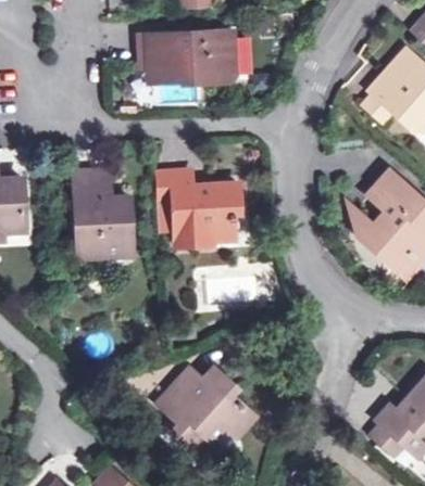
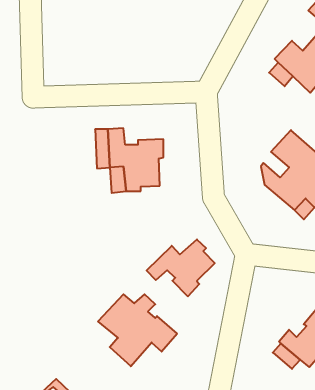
building: [147,34,234,85] -> none
building: [74,172,130,259] -> none
building: none -> [147,239,215,296]

